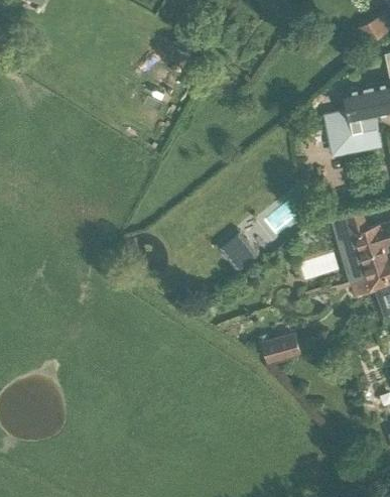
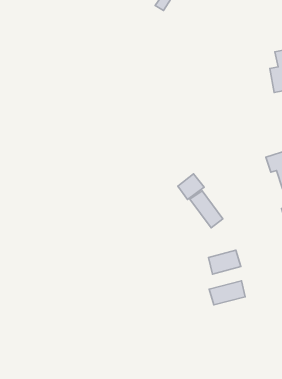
building: none -> [190,191,223,228]
building: none -> [209,281,245,305]

